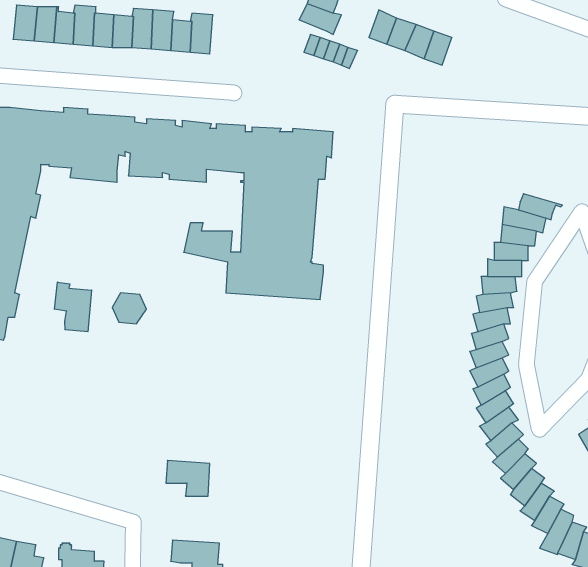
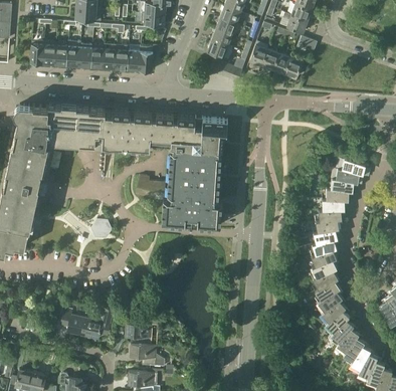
building: [55,282,92,332] -> none
building: none -> [60,310,113,342]
building: none -> [130,346,165,369]

